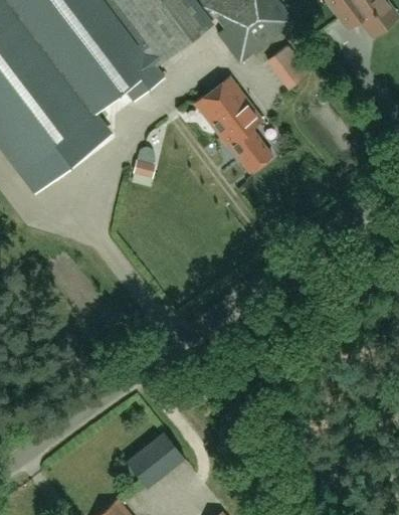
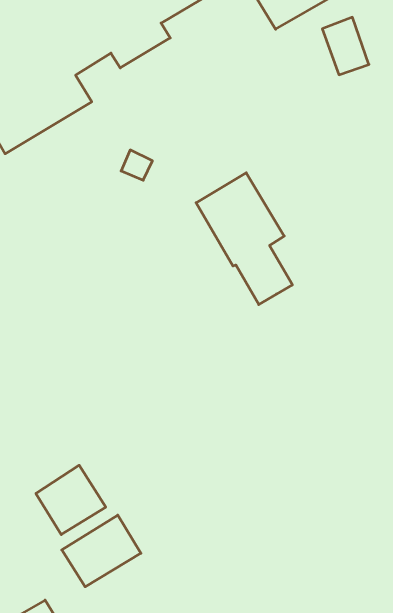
building: [194,76,271,172] -> [196,173,292,305]
building: none -> [36,465,106,535]

